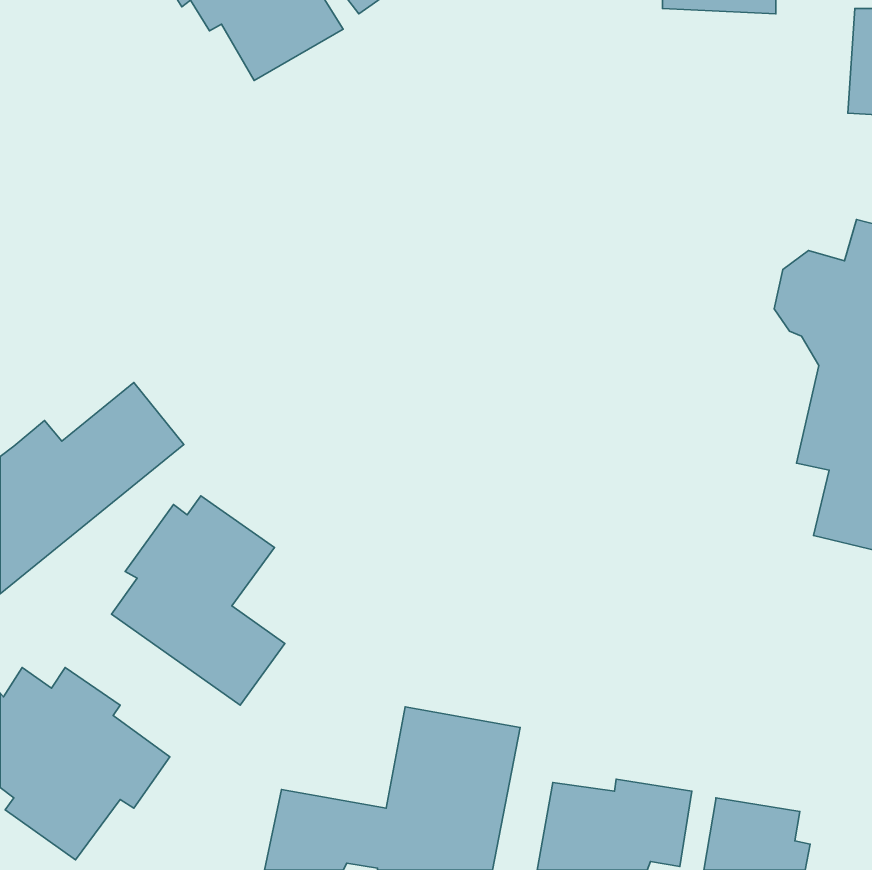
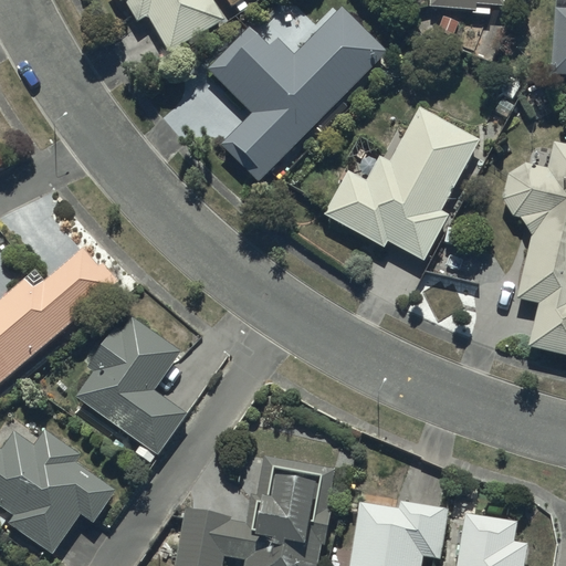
building: none -> [206,8,384,182]
building: none -> [324,105,480,260]

